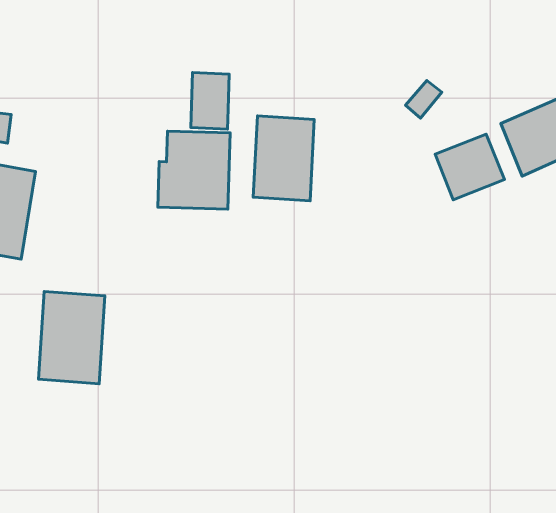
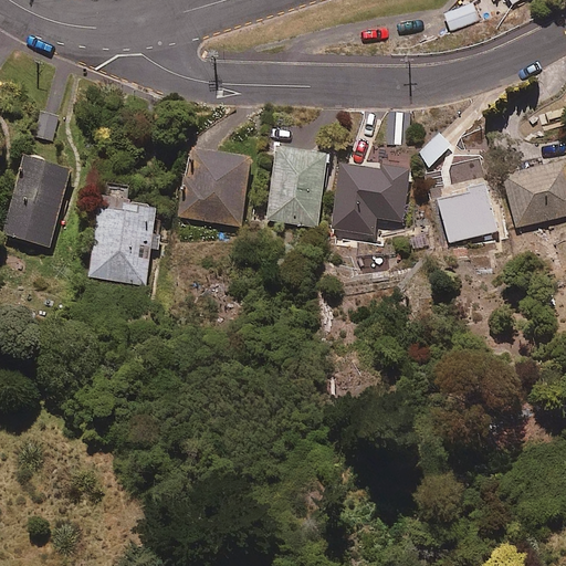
building: [191,73,229,129] -> none
building: none -> [333,163,410,234]
building: [38,291,105,384] -> [88,196,158,285]

